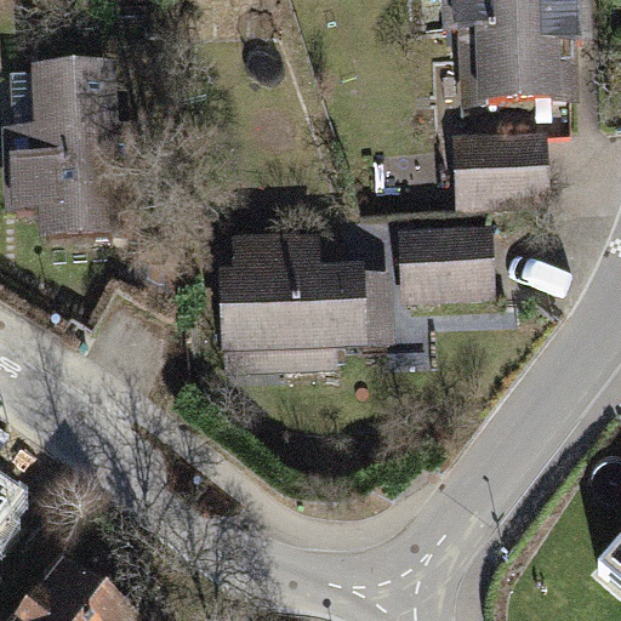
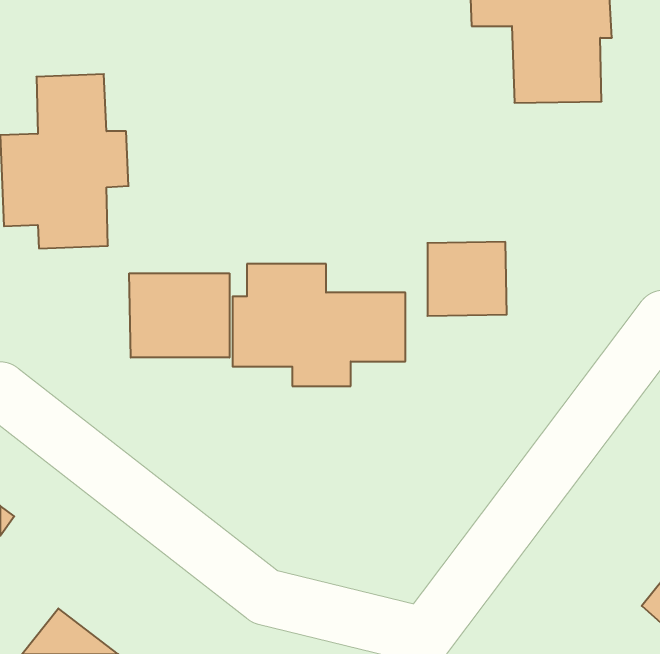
building: [454,131,539,203] -> none
building: none -> [129,273,229,358]

